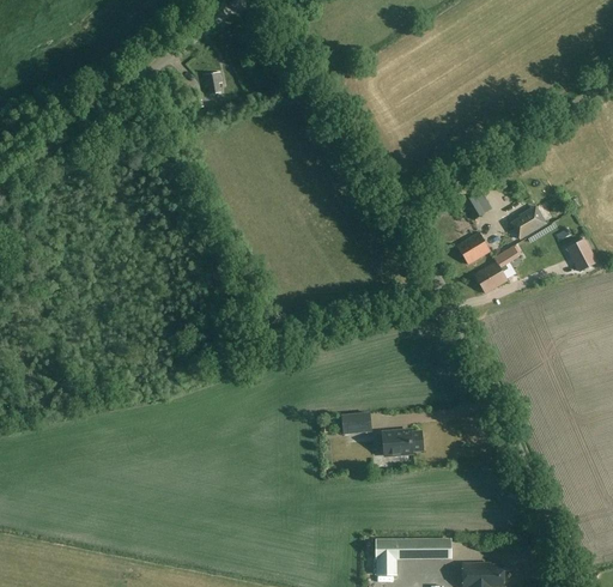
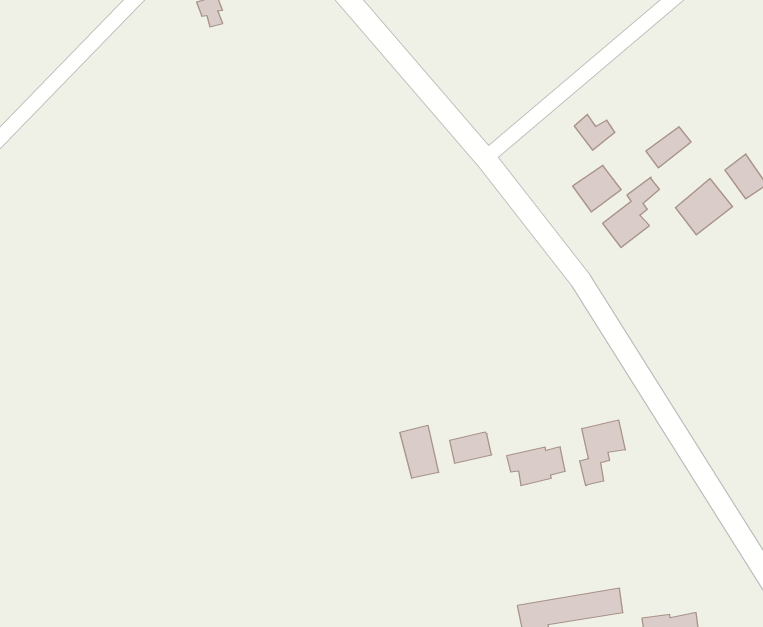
building: none -> [675,179,733,235]
building: none -> [400,425,439,478]
building: none -> [580,420,625,486]

